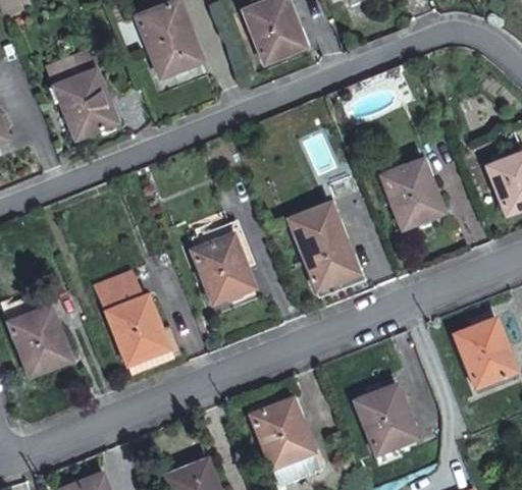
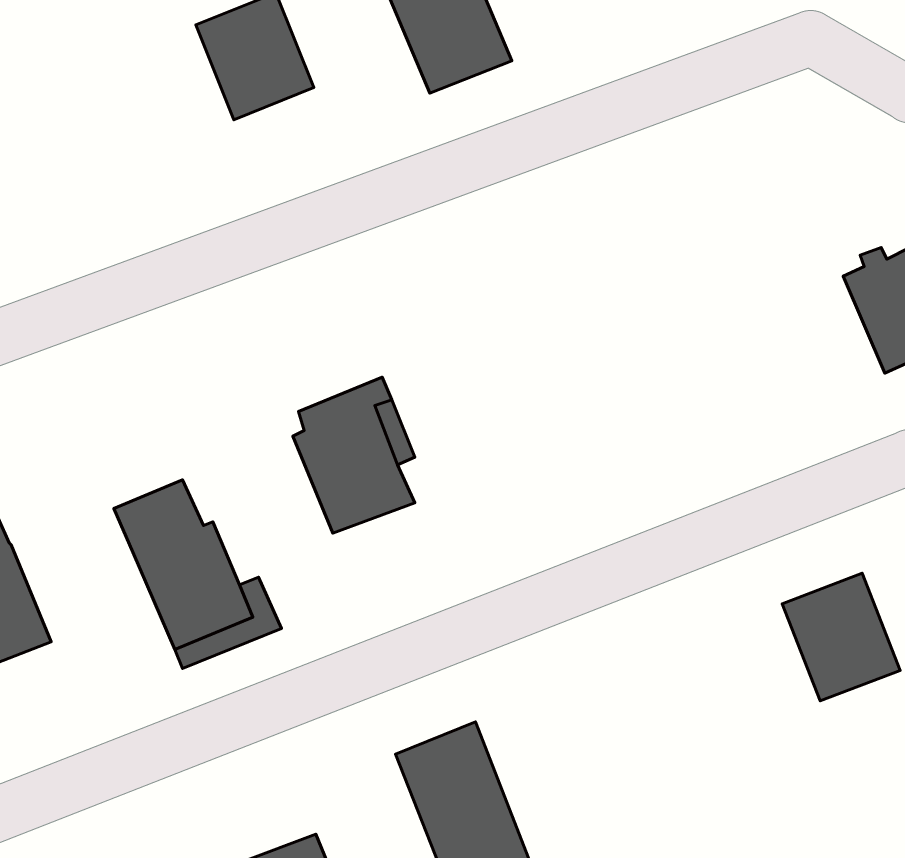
building: [46,51,116,138] -> none
building: [380,156,445,225] -> none
building: [290,199,365,294] -> none
building: [351,385,415,454] -> none

